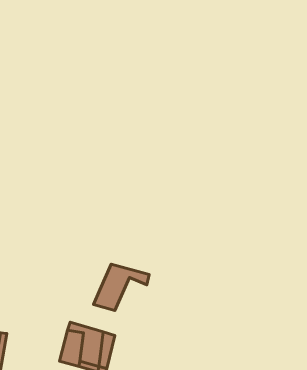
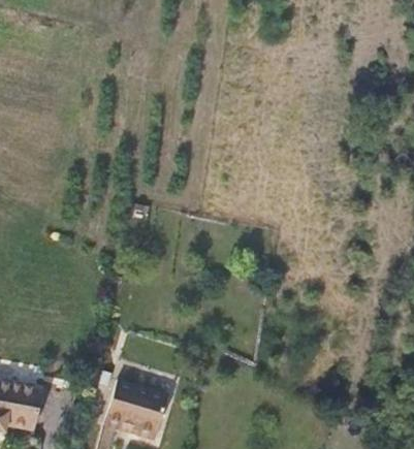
building: [93,264,149,310] -> none

